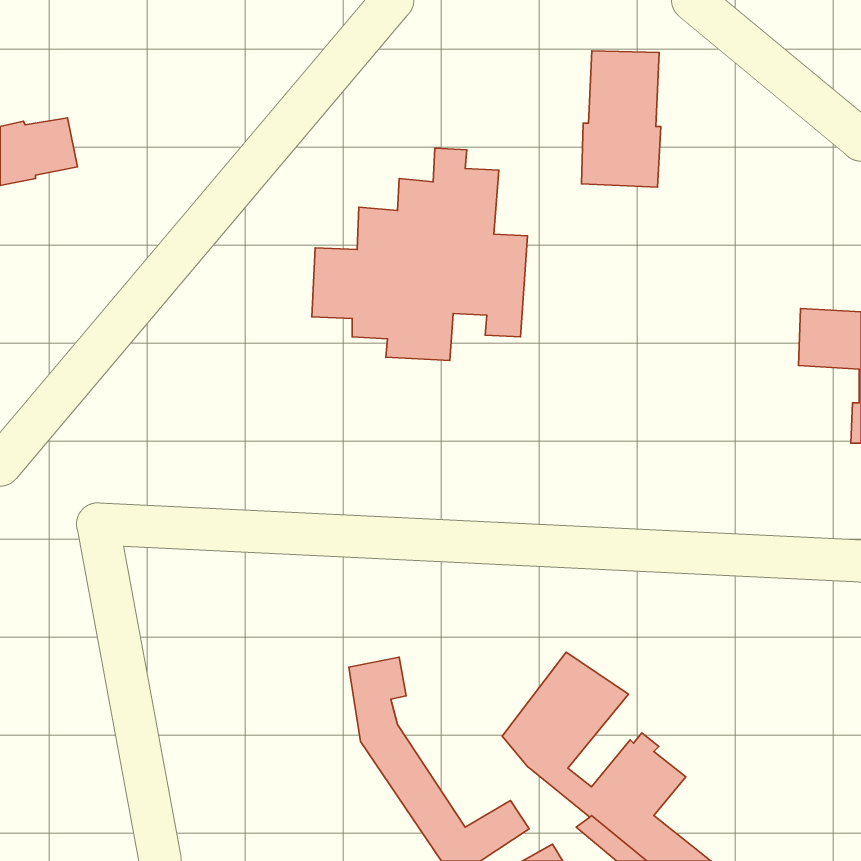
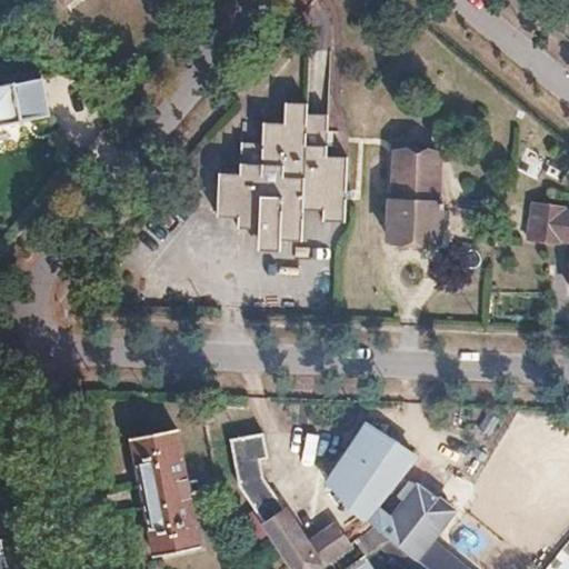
building: [582,51,661,187] -> [389,152,441,242]
building: none -> [129,428,200,555]

